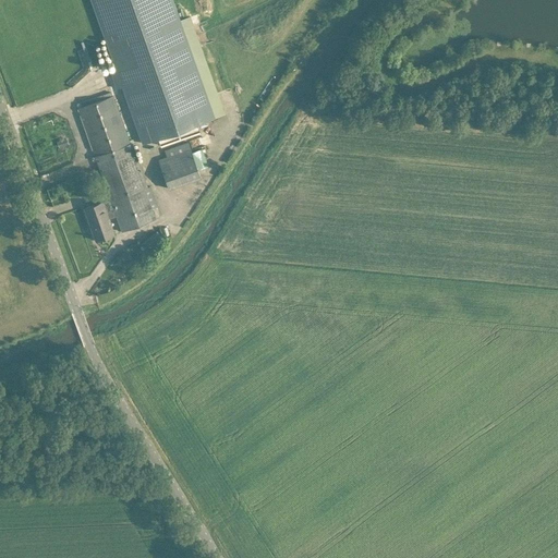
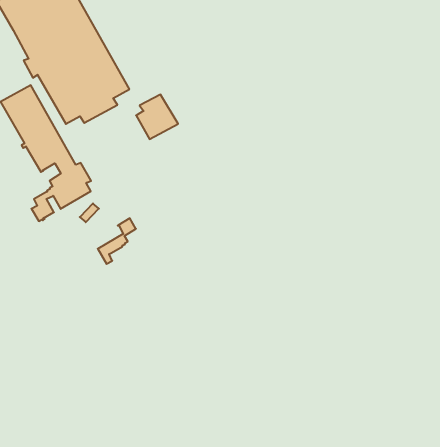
building: [158,142,201,186] -> [136,95,178,139]
building: [84,182,128,226] -> [98,218,136,264]

